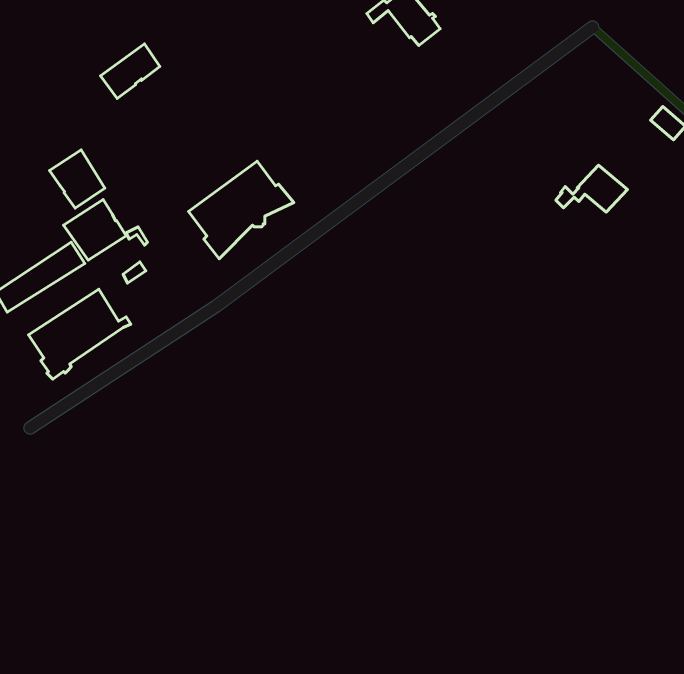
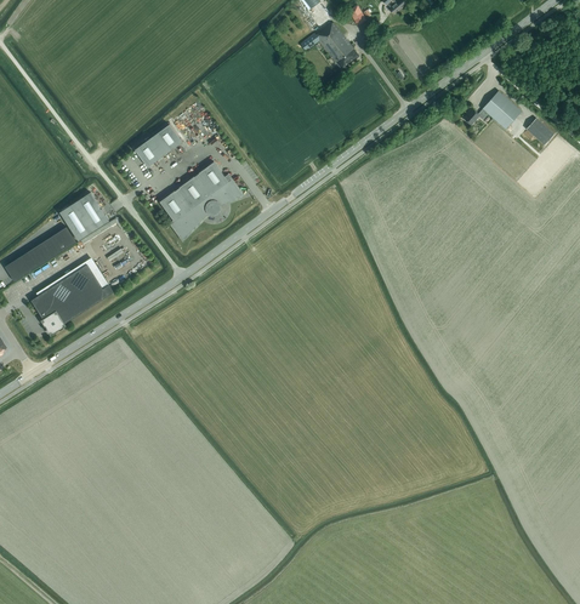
building: [100,44,160,99] -> [135,124,182,167]
building: [49,150,105,208] -> none
building: [556,165,628,212] -> [465,91,522,129]

